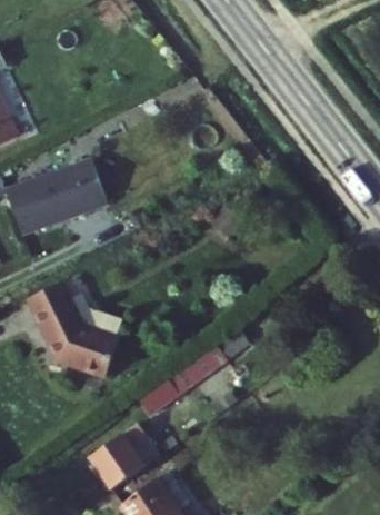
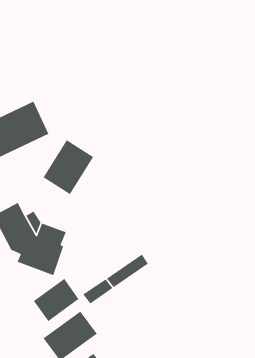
building: none -> [42,139,94,195]
building: none -> [33,278,80,322]

